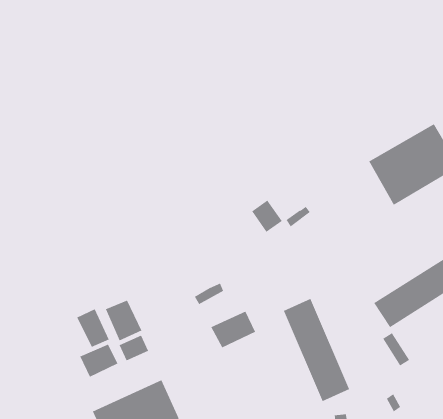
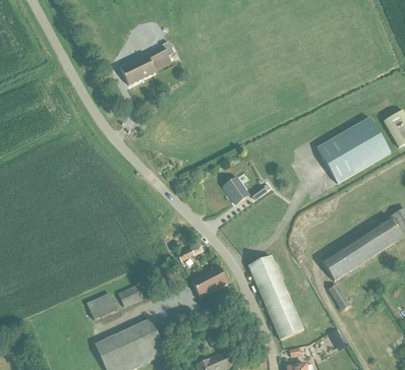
building: none -> [120,41,174,84]
building: [105,299,143,341] -> none
building: [76,308,110,348] -> none

